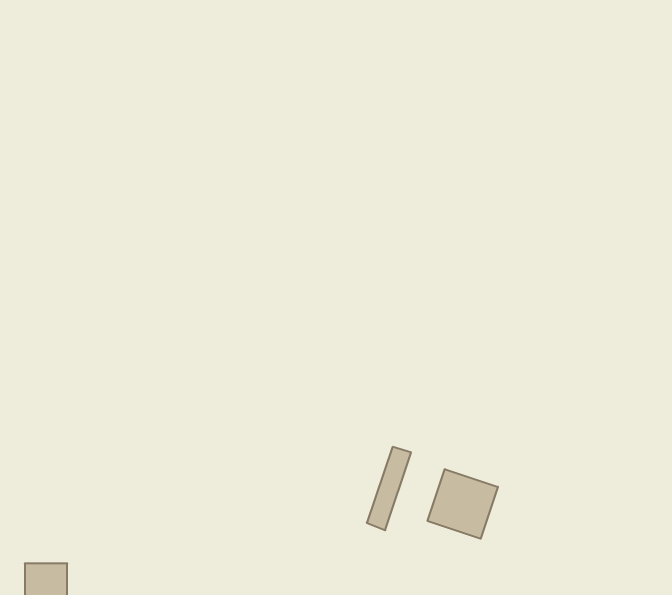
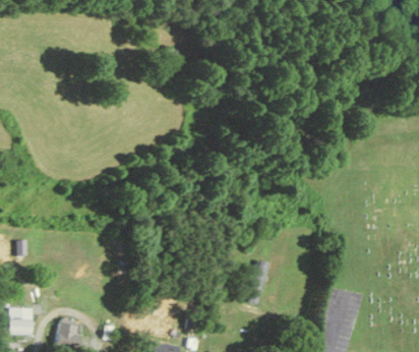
building: [428,469,498,539] -> none

